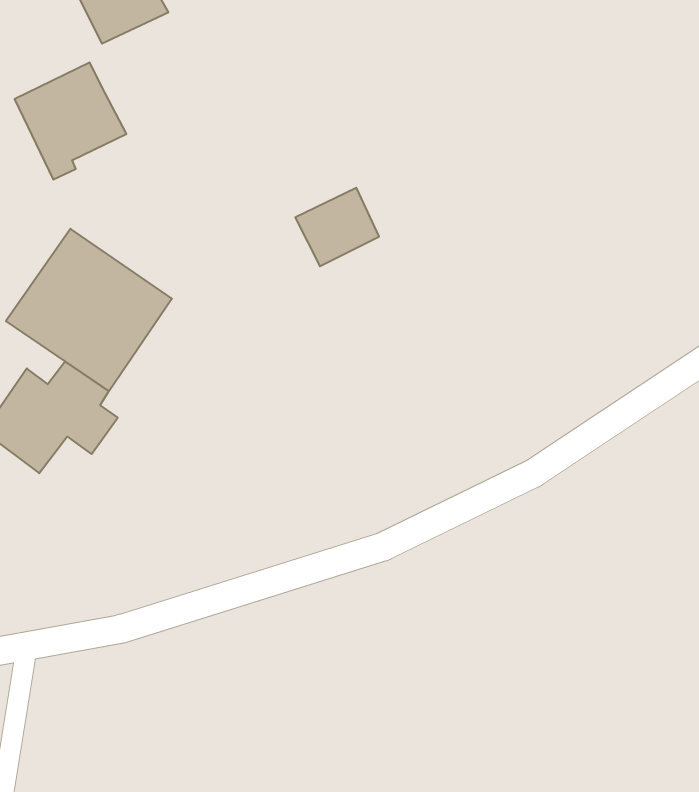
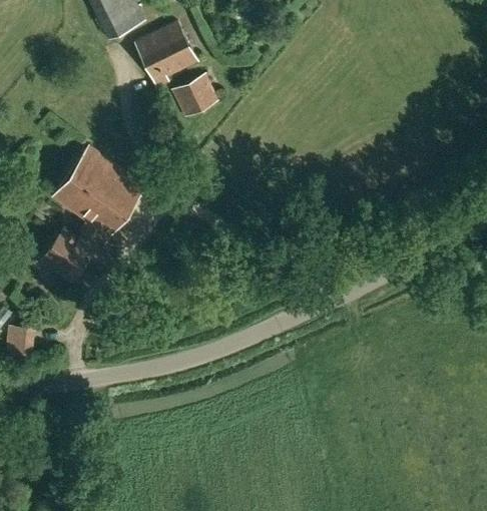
building: [15,62,126,179] -> [134,21,198,88]
building: [295,188,379,266] -> [170,73,218,118]

